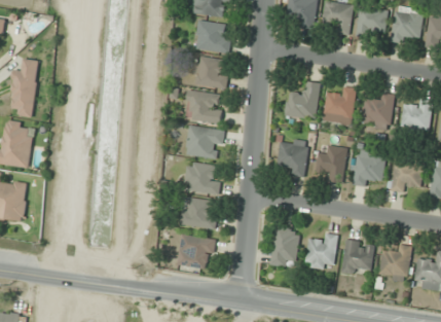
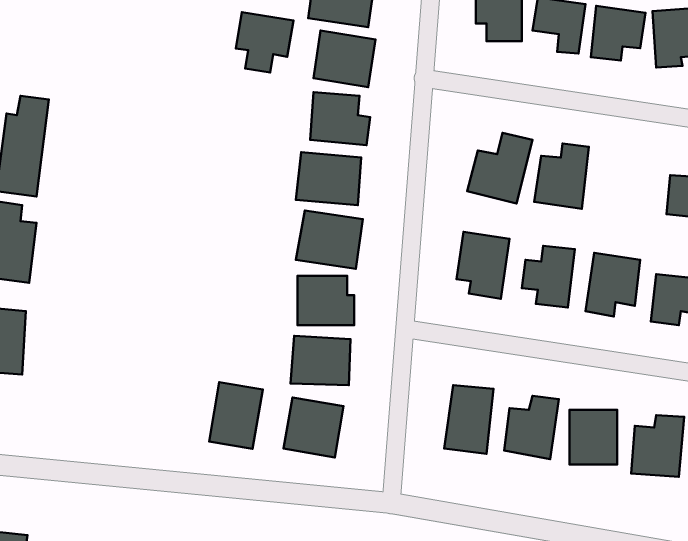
building: none -> [236,12,293,72]
building: [362,94,393,126] -> none
building: none -> [209,382,263,449]

